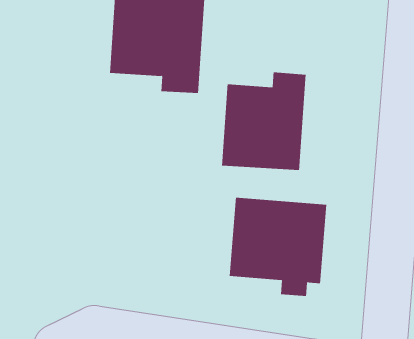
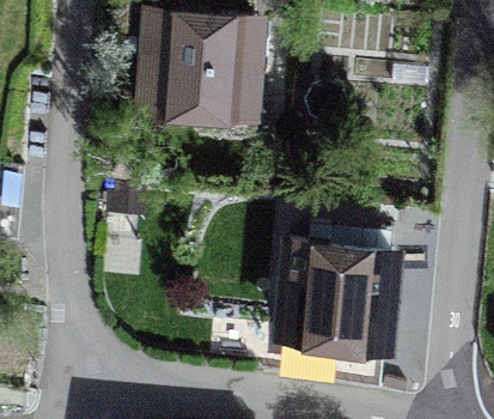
building: [222,71,306,171] -> none

